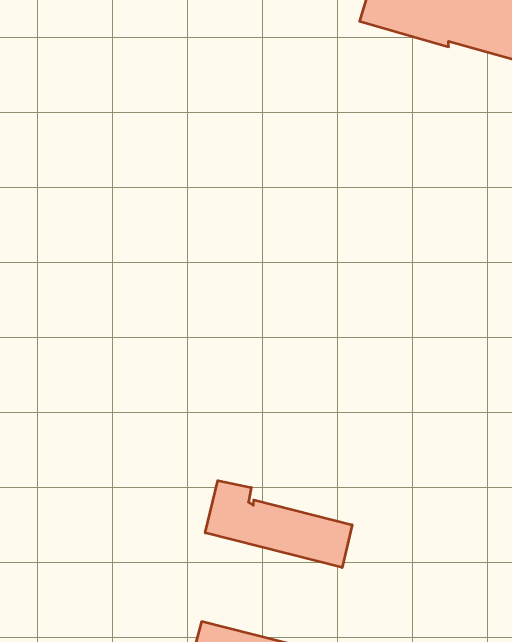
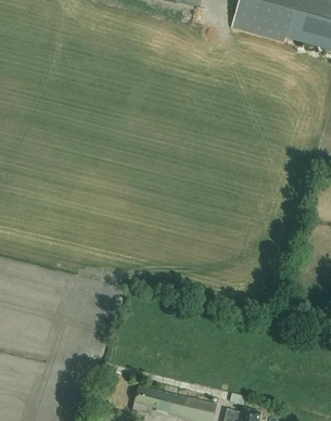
building: [205,481,352,568] -> none

